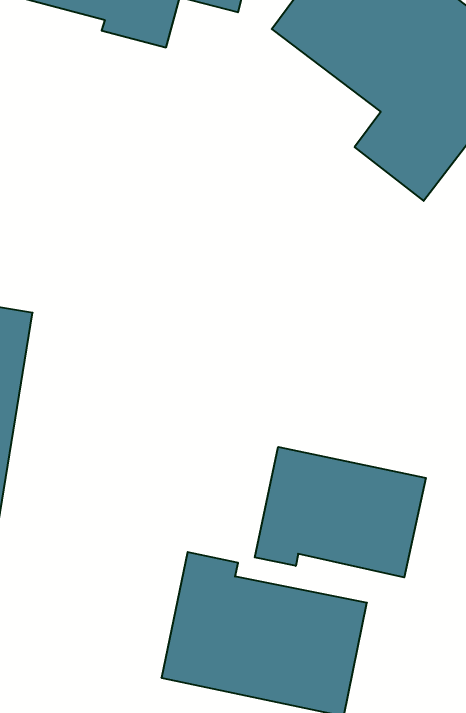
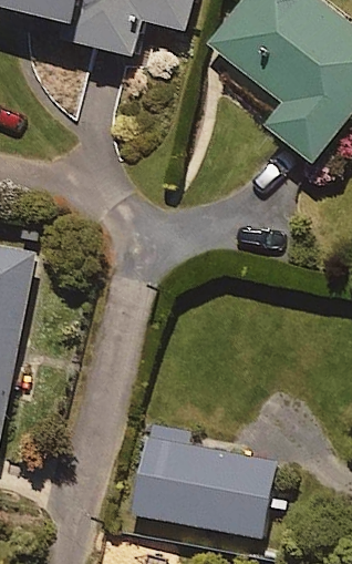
building: [255,447,426,577] -> none

